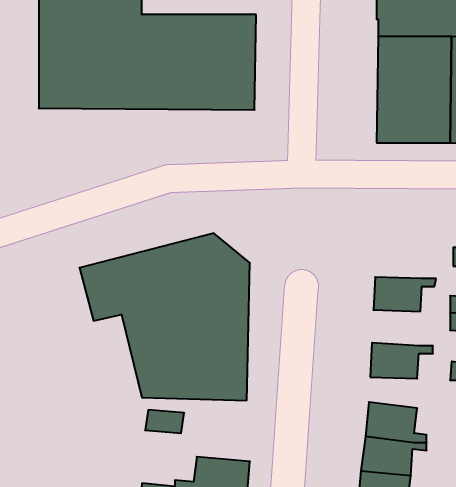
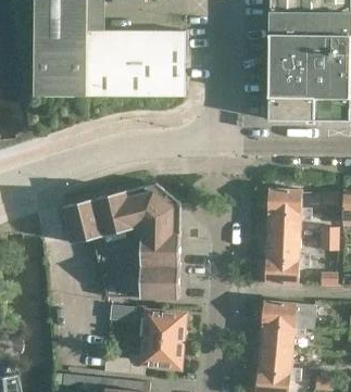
building: none -> [268,188,311,214]
building: none -> [266,236,309,261]
building: none -> [145,312,184,341]

